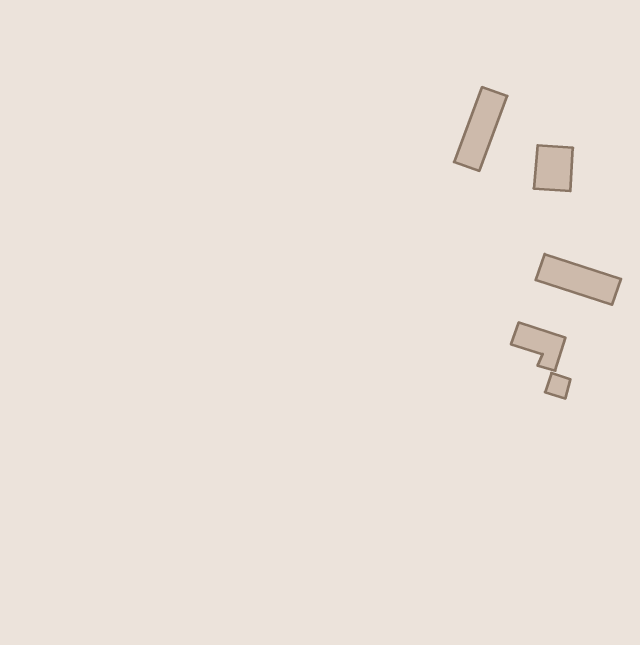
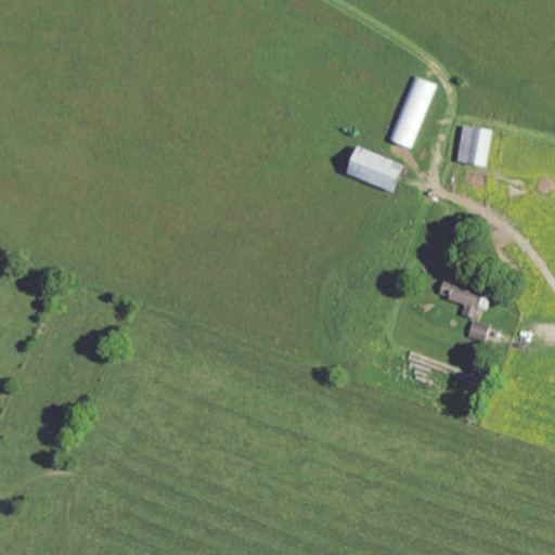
building: none -> [348,146,405,193]
building: [536,254,621,305] -> none

